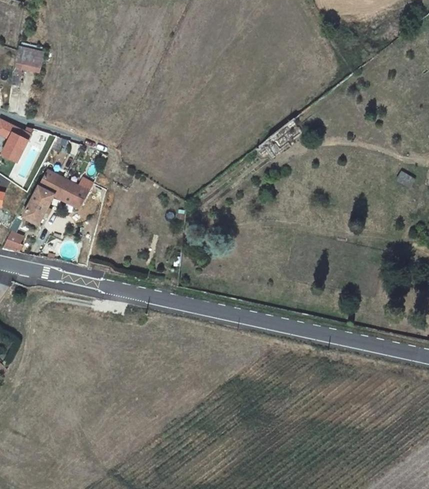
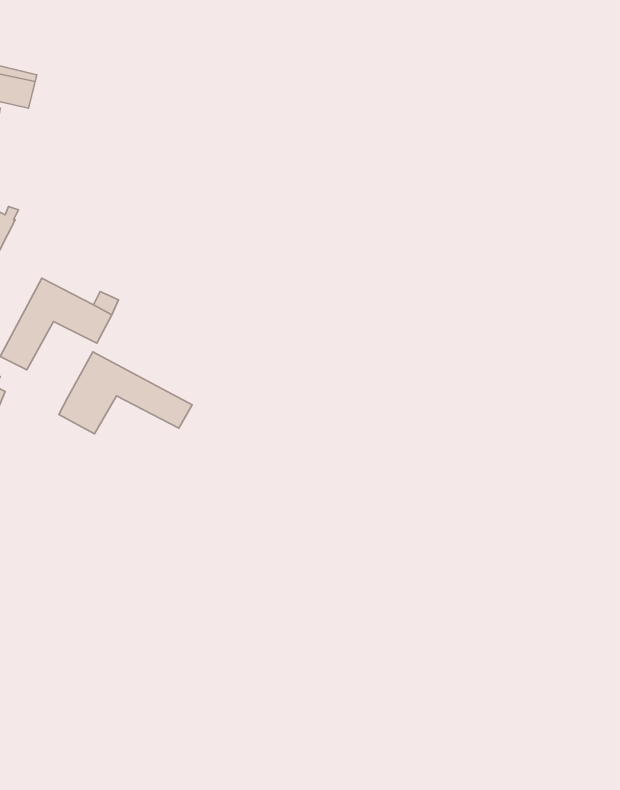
building: none -> [59,352,192,434]

